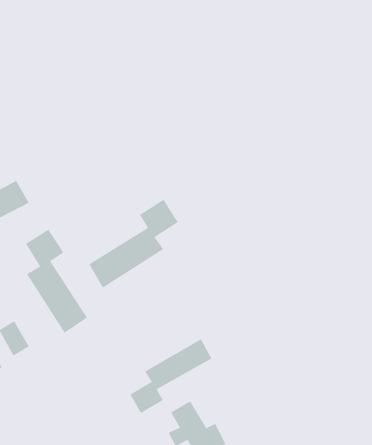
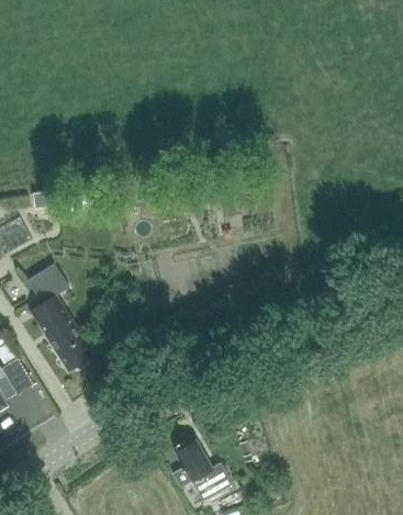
building: [88,199,178,288] -> none
building: [130,338,212,414] -> none

